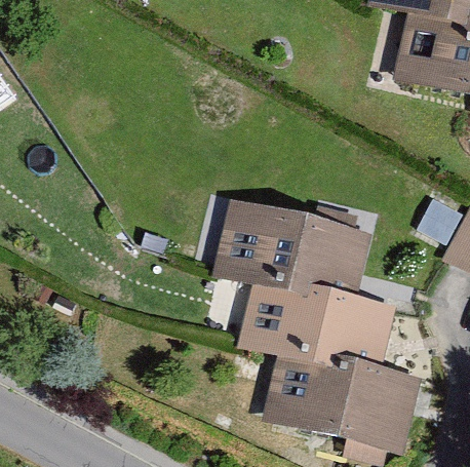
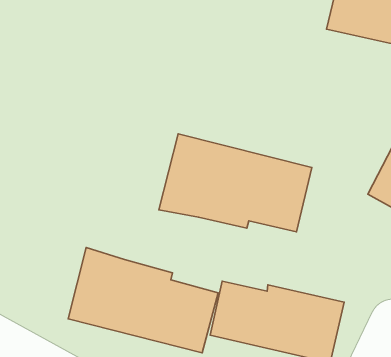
building: [237,286,394,369] -> none
building: none -> [68,247,218,353]

